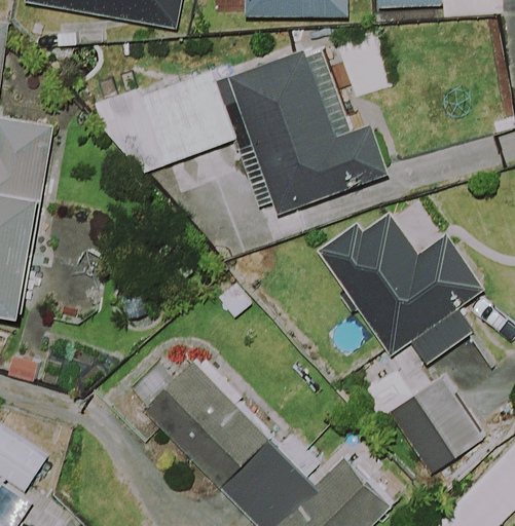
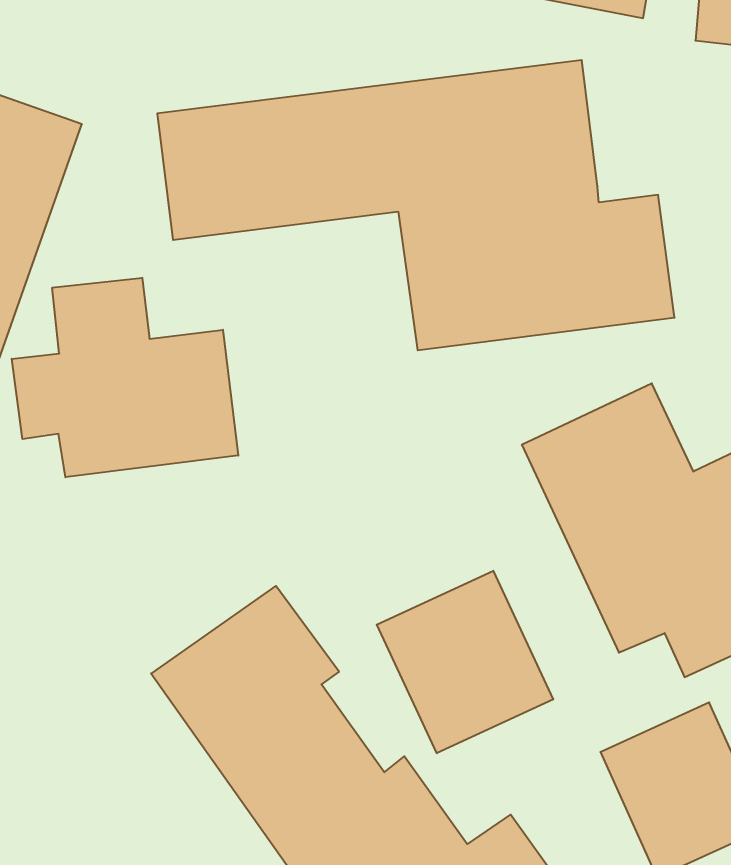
building: none -> [12,278,238,477]
building: none -> [377,571,553,753]

